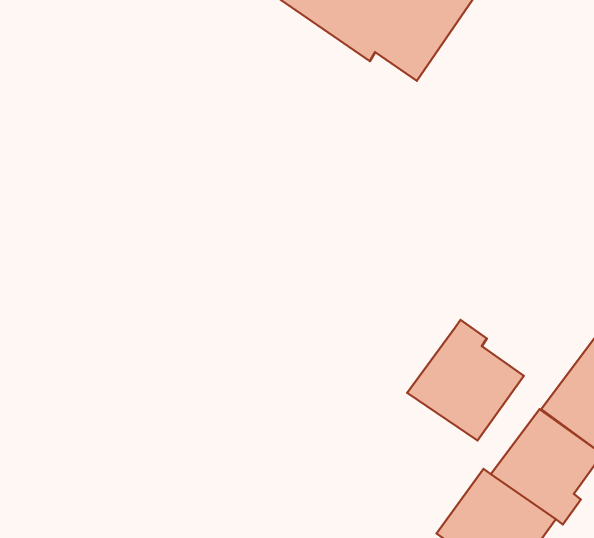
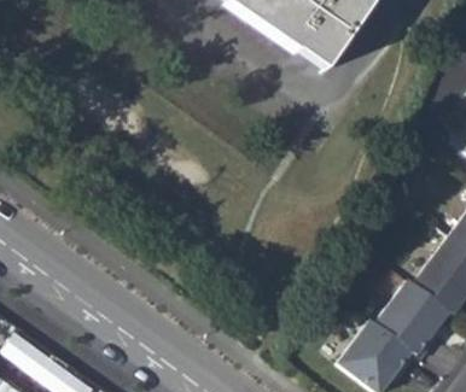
building: [407,320,524,441] -> none

